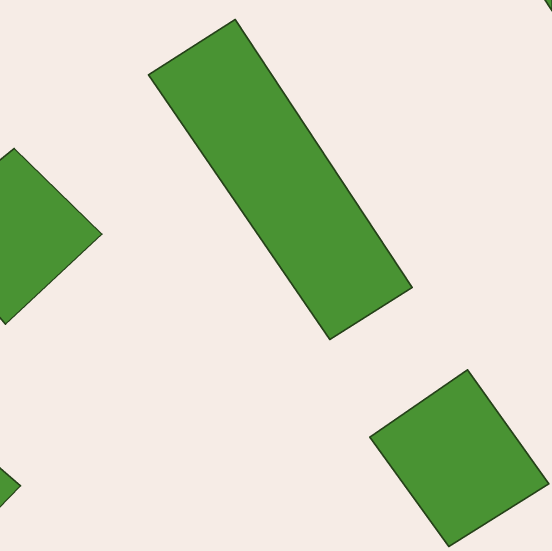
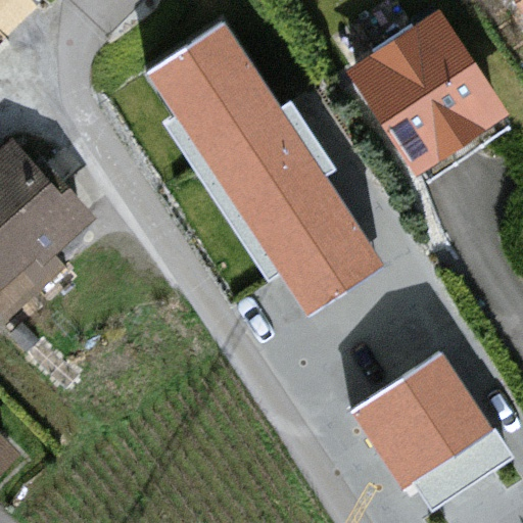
building: none -> [348,15,507,169]

